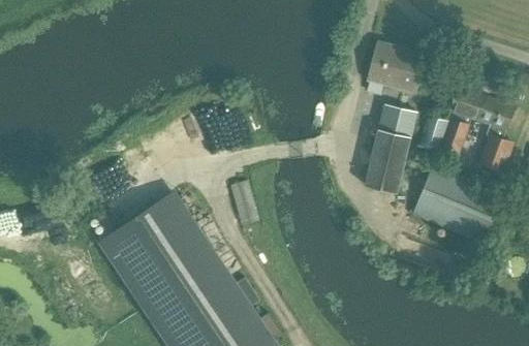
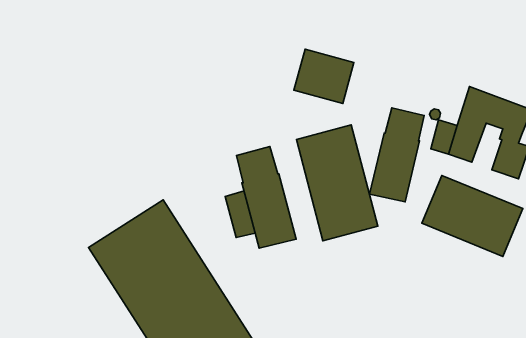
building: [368,42,424,93] -> [294,49,354,104]
building: none -> [296,125,378,241]
building: none -> [236,147,296,248]

